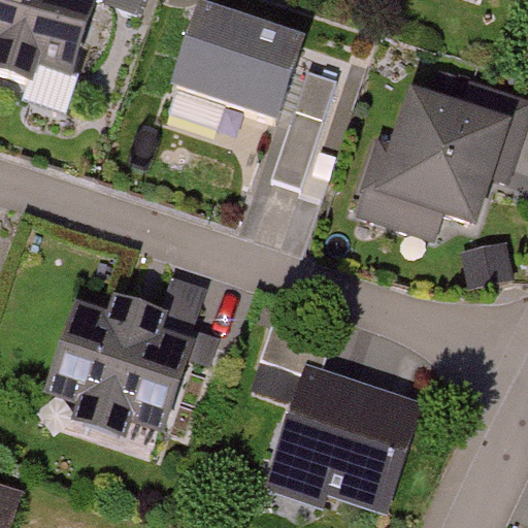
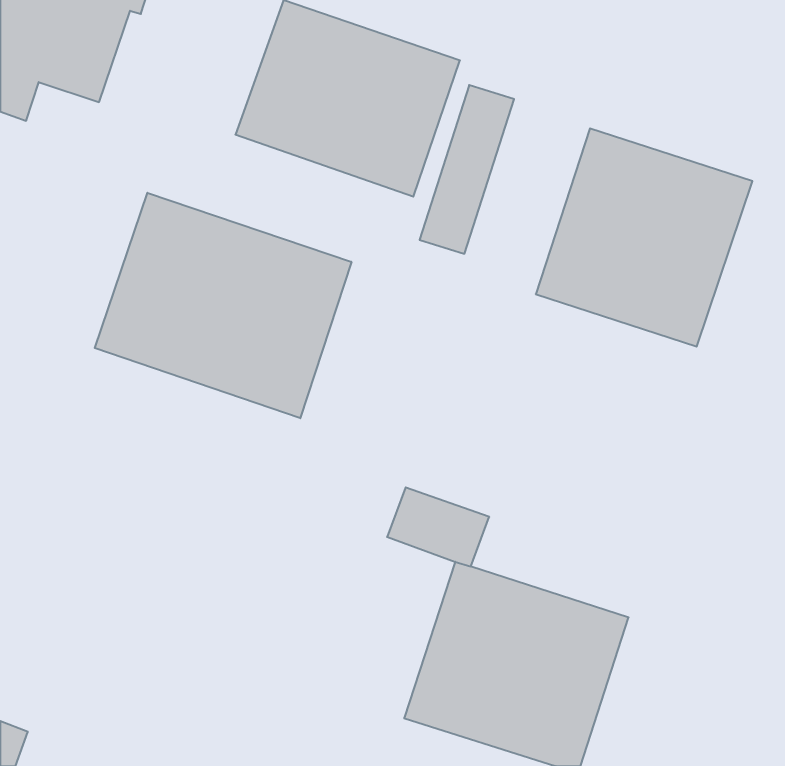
building: none -> [95,193,351,418]
building: [37,289,195,438] -> none

